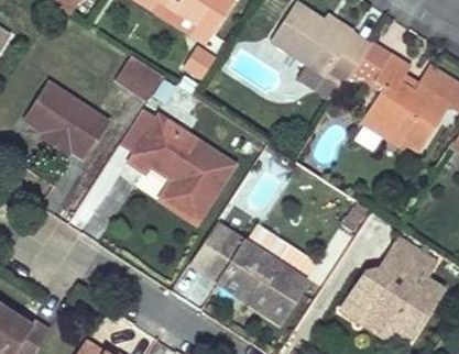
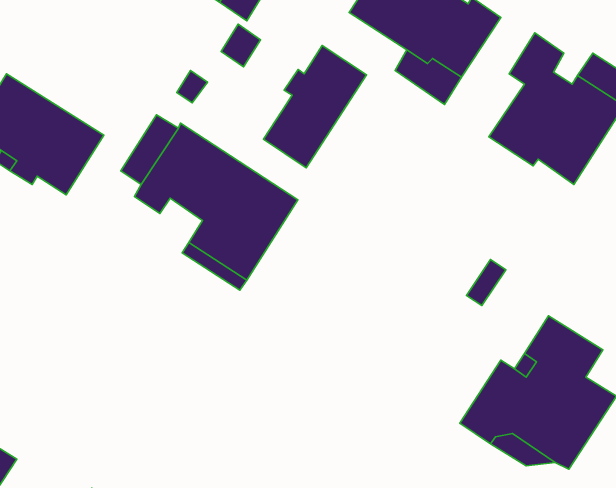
building: [117,54,165,99] -> none
building: none -> [263,46,367,168]
building: [207,228,309,320] -> none

